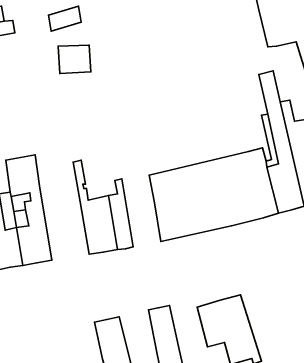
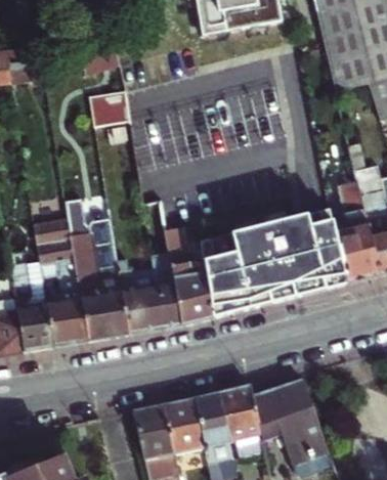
building: none -> [63,194,129,339]
building: none -> [165,227,212,323]
building: none -> [222,385,268,453]
building: none -> [164,396,208,453]

